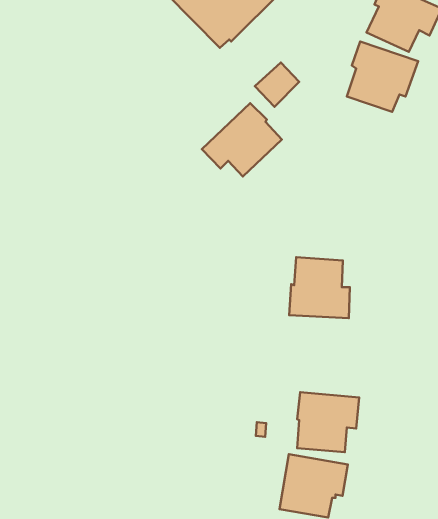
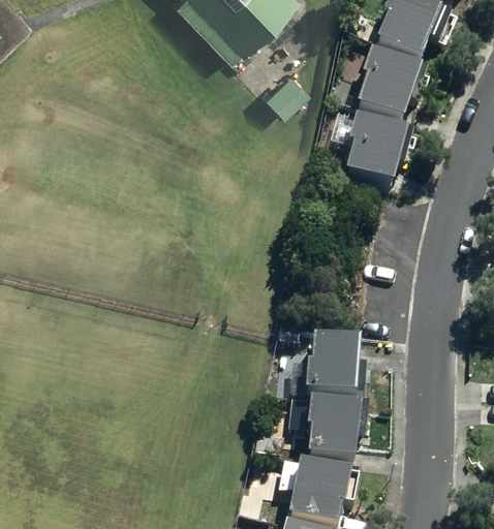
building: [202,103,282,177] -> none
building: none -> [343,117,411,187]
building: [289,257,350,318] -> [303,336,364,397]

